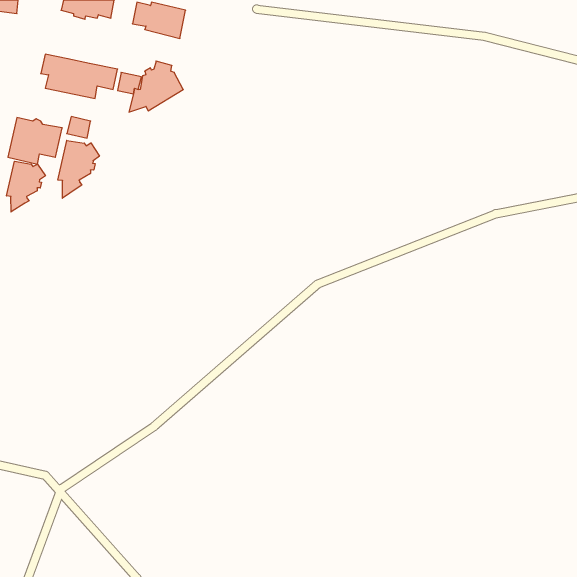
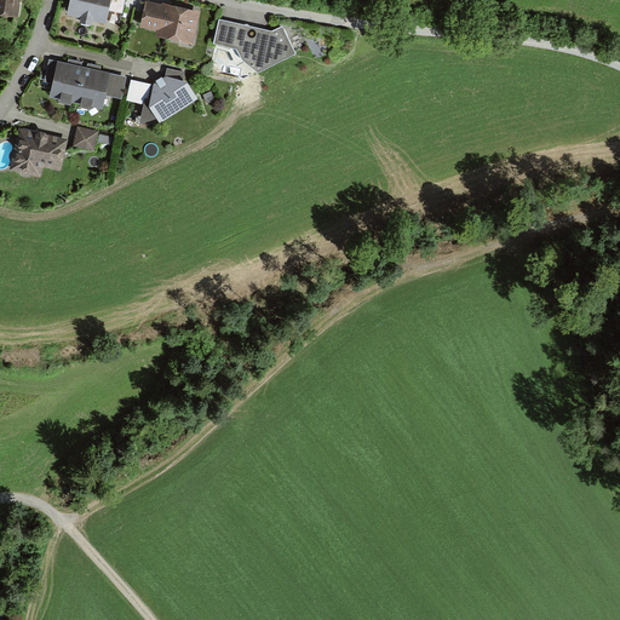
building: none -> [213,21,293,71]
building: [58,140,99,198] -> none
building: [7,161,45,212] -> none

